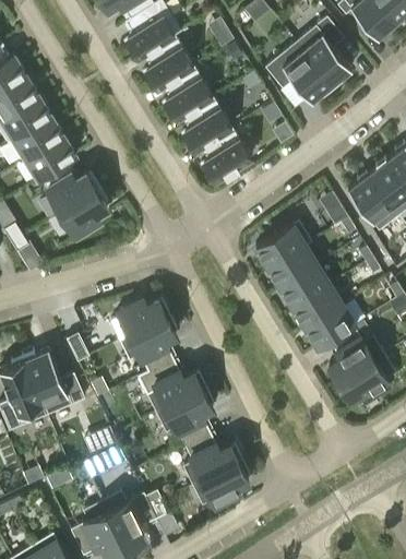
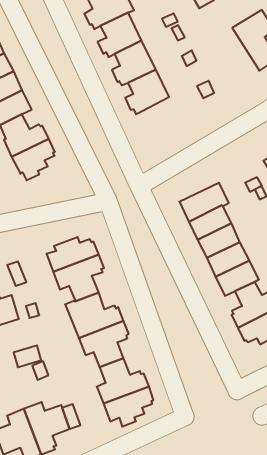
building: [264,41,332,103] -> none
building: [201,128,251,182] -> none

